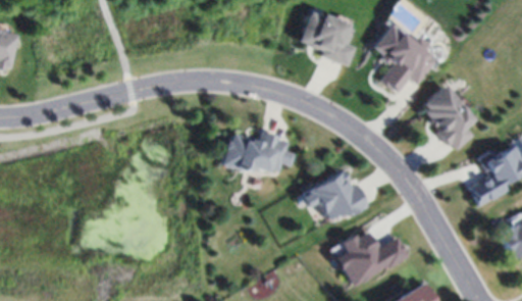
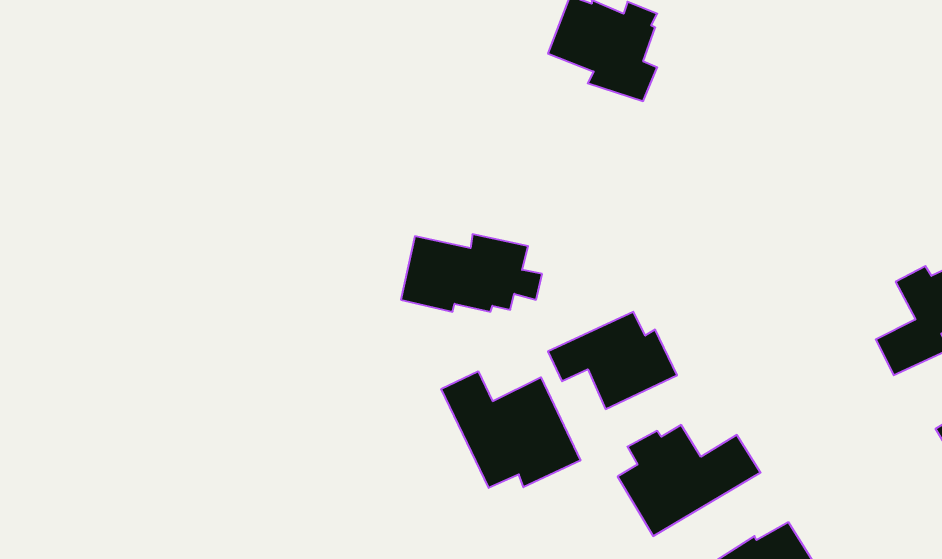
building: [374,24,437,94] -> none
building: [421,86,477,153] -> none
building: none -> [441,371,580,488]

